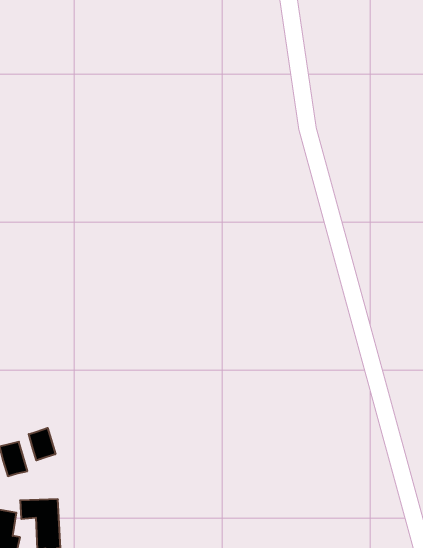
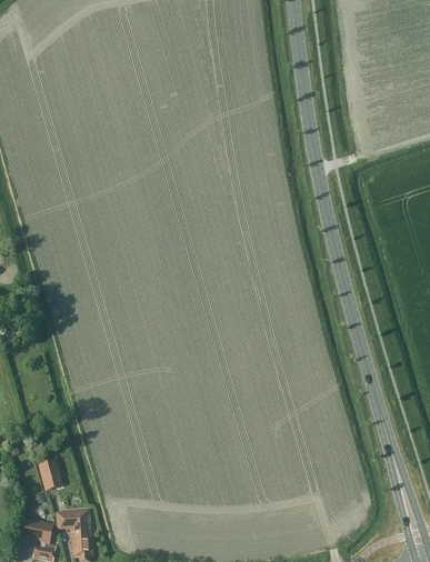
building: [29,428,55,460] -> none

